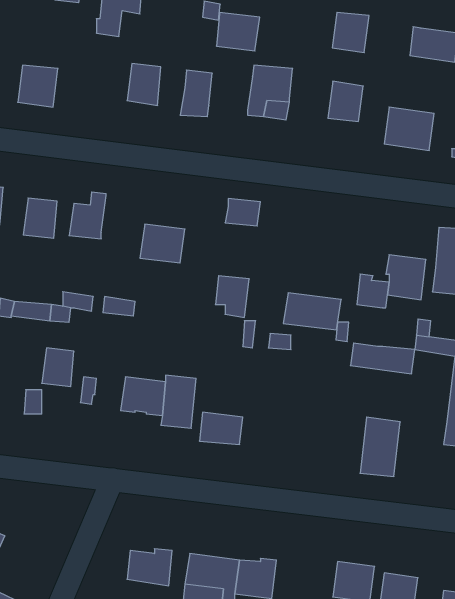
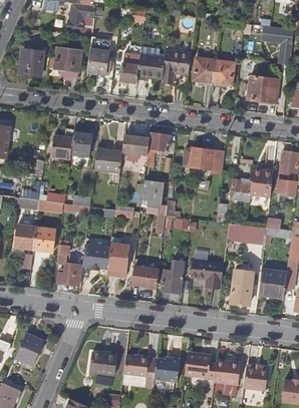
building: [332,12,369,53] -> [192,58,215,83]
building: [216,12,260,51] -> [137,54,165,78]
building: none -> [54,48,80,79]
building: [23,198,57,238] -> [70,131,91,156]
building: none -> [122,135,150,155]
building: [283,293,341,330] -> [189,144,225,167]
building: none -> [15,225,36,249]
building: none -> [190,260,223,289]
building: none -> [161,261,184,293]
building: none -> [57,264,81,285]
building: none -> [258,270,286,298]
building: none -> [15,334,43,366]
building: none -> [185,352,211,378]

